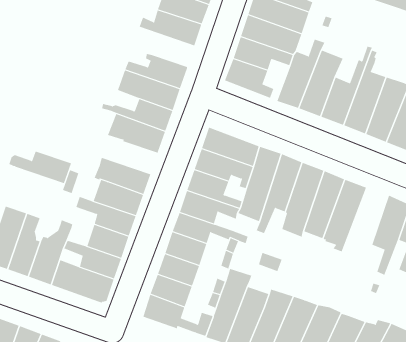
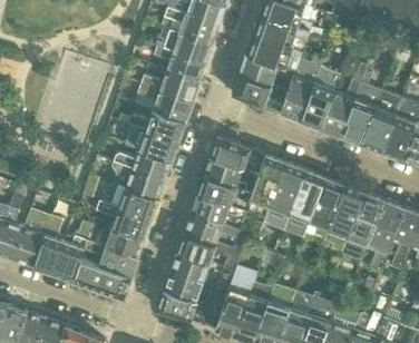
building: none -> [135,40,204,81]
building: [8,151,72,184] -> [113,149,170,179]
building: none -> [339,192,381,261]

